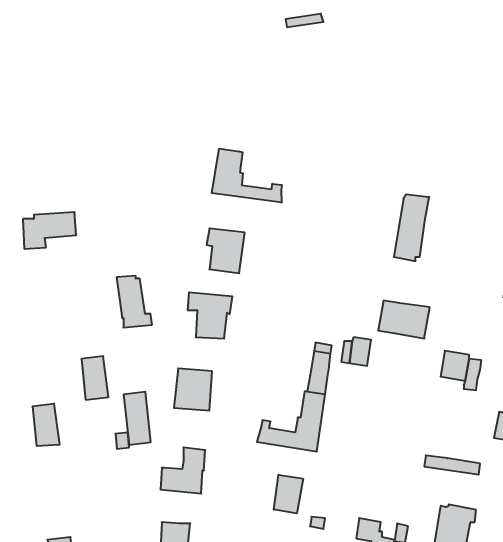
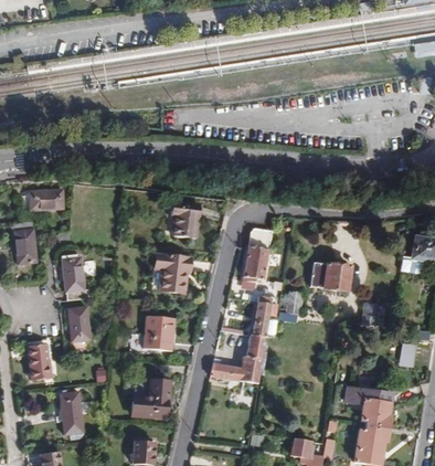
building: [212,149,282,203] -> none
building: [394,194,429,261] -> [243,229,272,283]
building: none -> [13,221,36,264]
building: [117,276,152,328] -> [62,257,91,299]
building: [124,392,151,445] -> [61,391,83,434]
building: none -> [346,395,391,426]
building: [274,475,303,513] -> none

